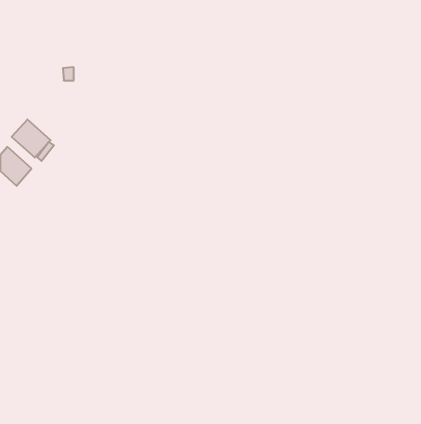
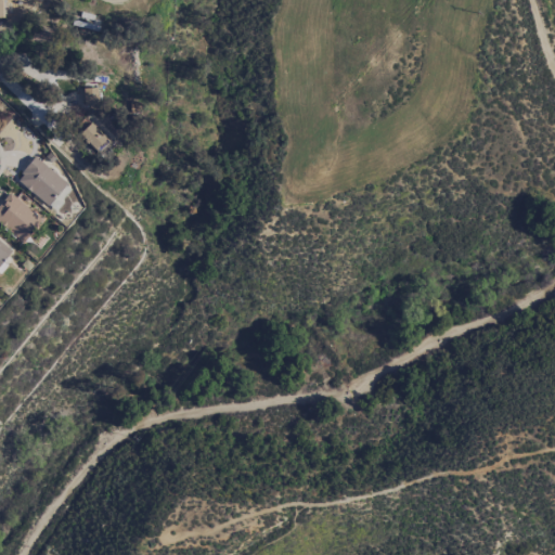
building: none -> [81,122,114,156]

